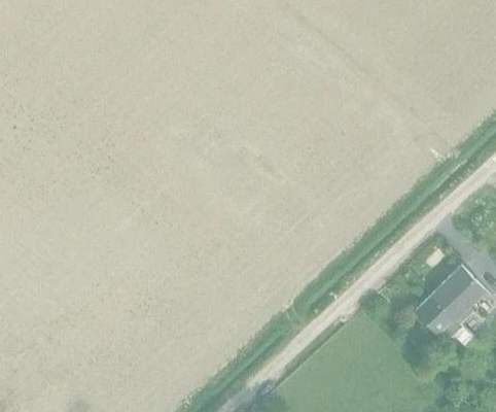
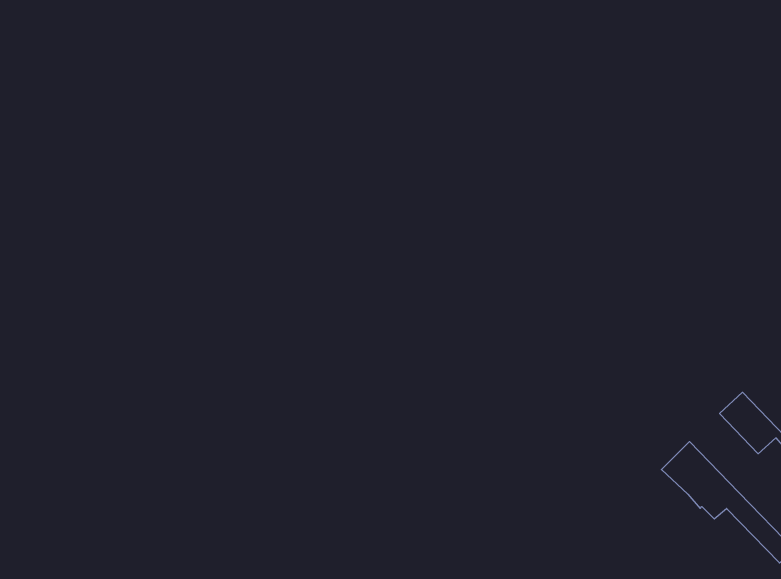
building: [430,280,477,327] -> none

